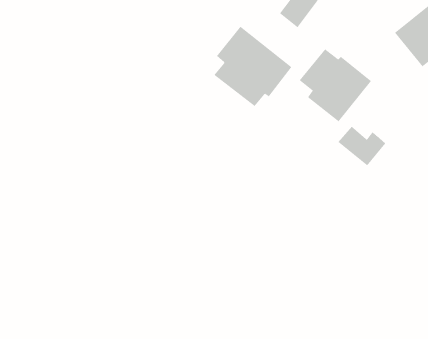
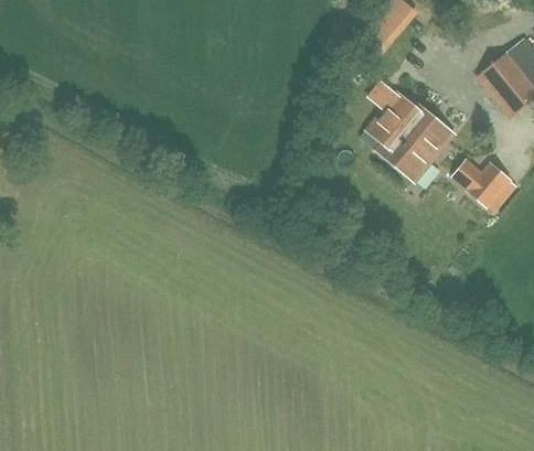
building: [214,26,292,107] -> none
building: [338,126,386,166] -> [451,158,509,205]

